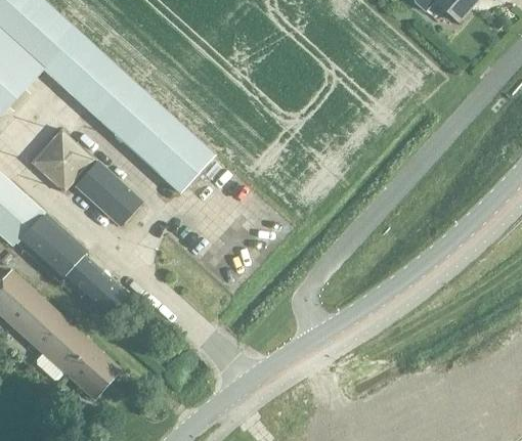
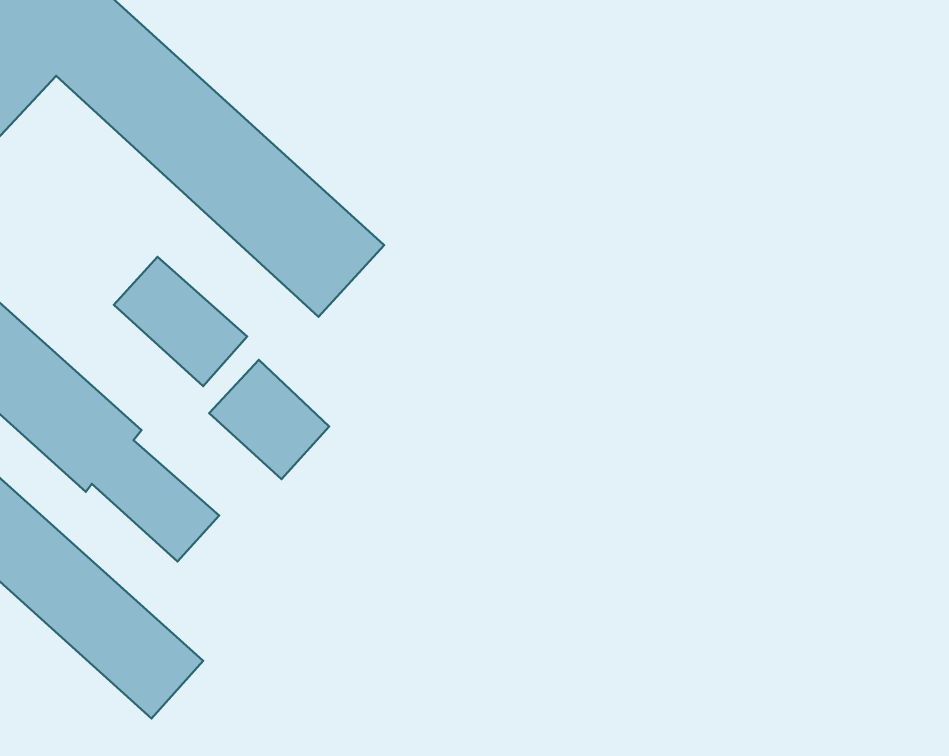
building: [29,128,92,191] -> none
building: none -> [209,360,329,479]

